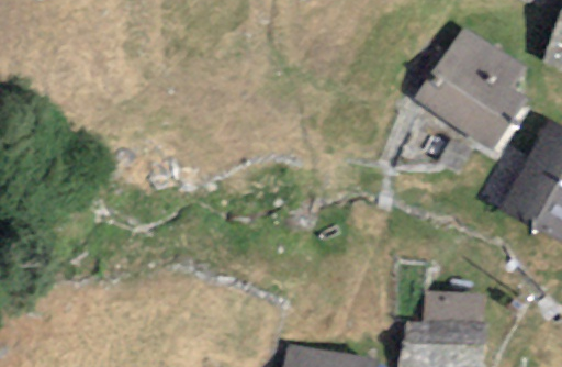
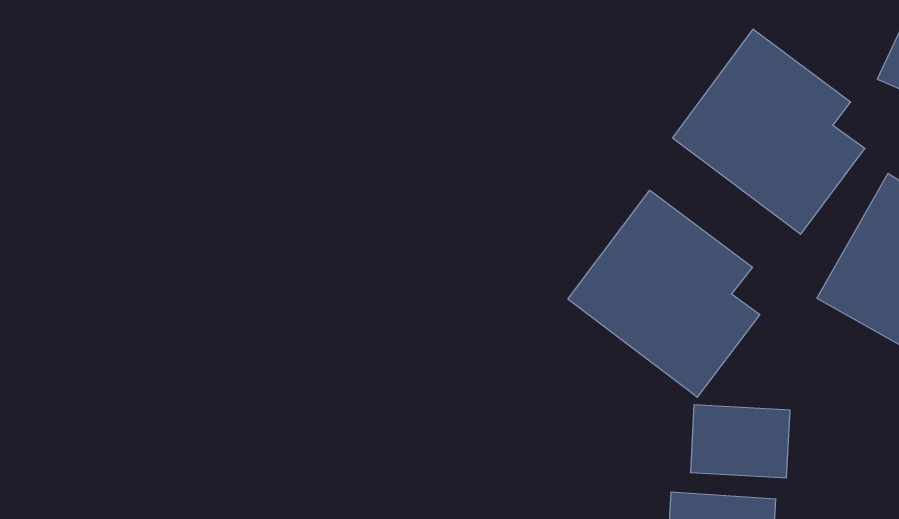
building: none -> [568,190,760,397]

